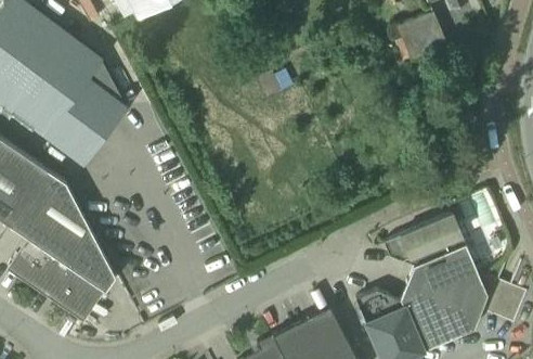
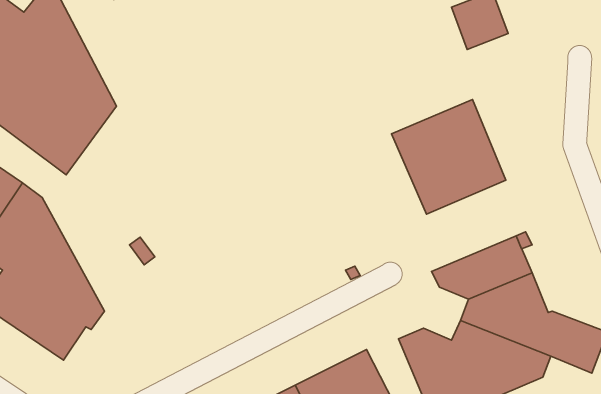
building: none -> [391,100,506,214]

